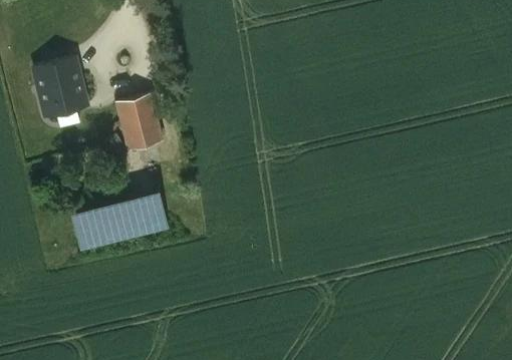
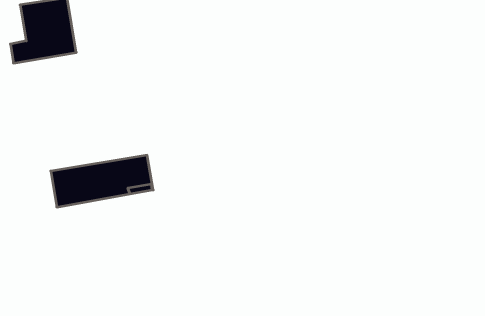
building: [117,94,163,149] -> none

